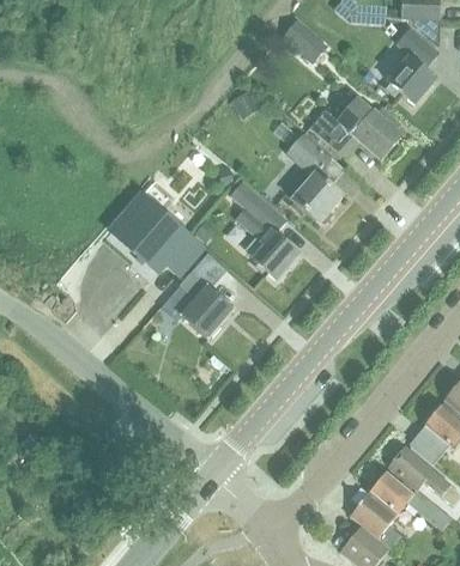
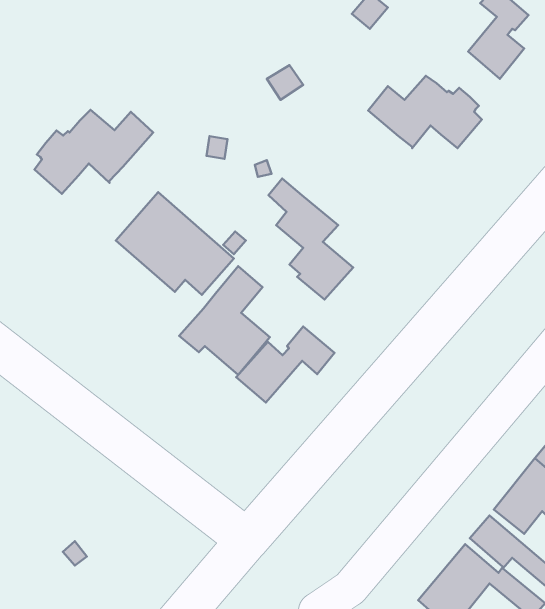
building: none -> [35,110,153,194]
building: [288,134,343,223] -> none
building: none -> [236,326,334,402]

